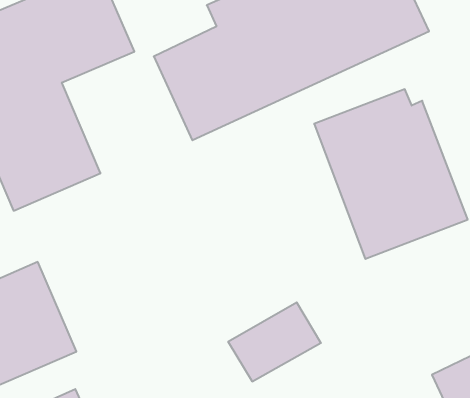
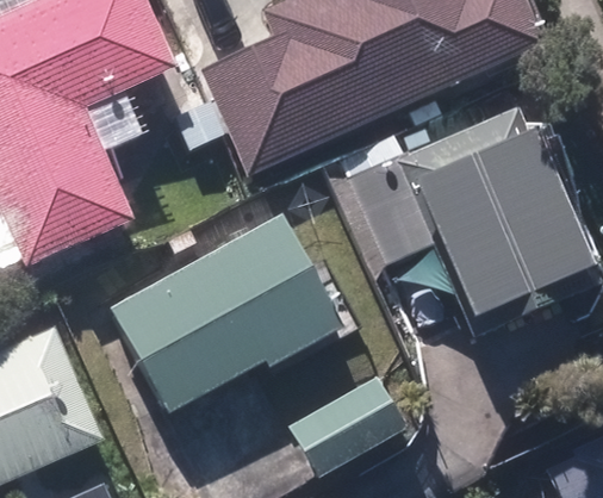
building: none -> [116,216,341,410]

